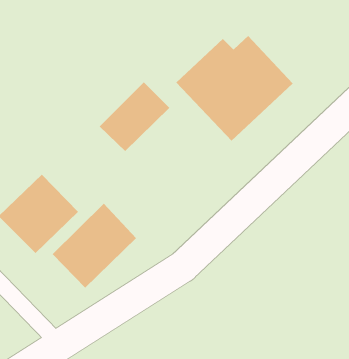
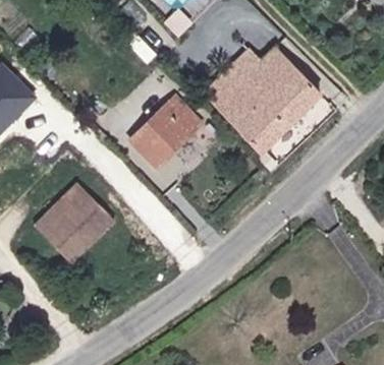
building: [52,203,137,288] -> none

